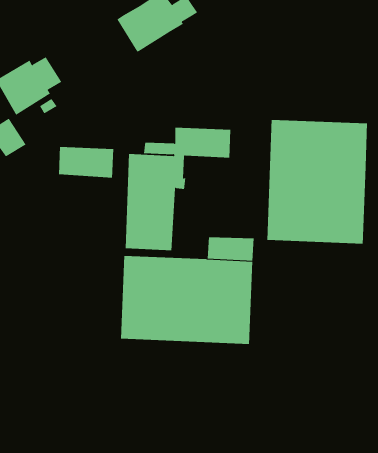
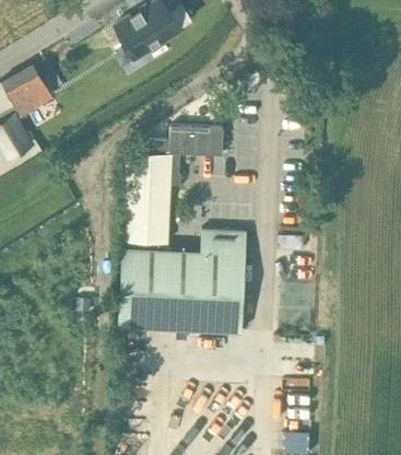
building: [267,119,368,244] -> none
building: [58,146,114,178] -> none

